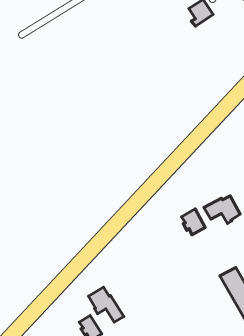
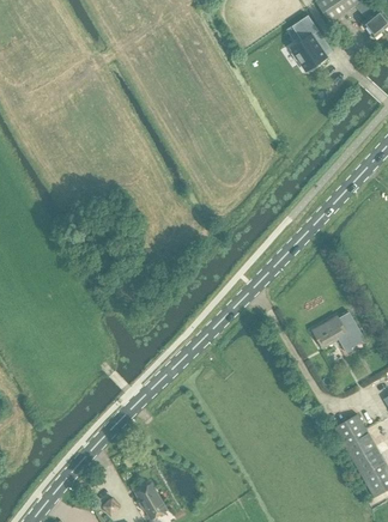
building: [181,209,205,235] -> none
building: [89,287,124,322] -> none

